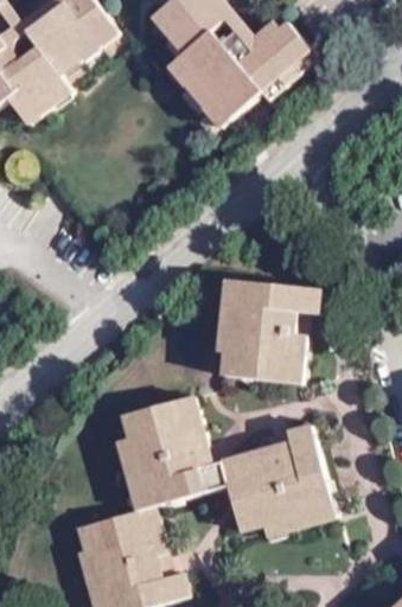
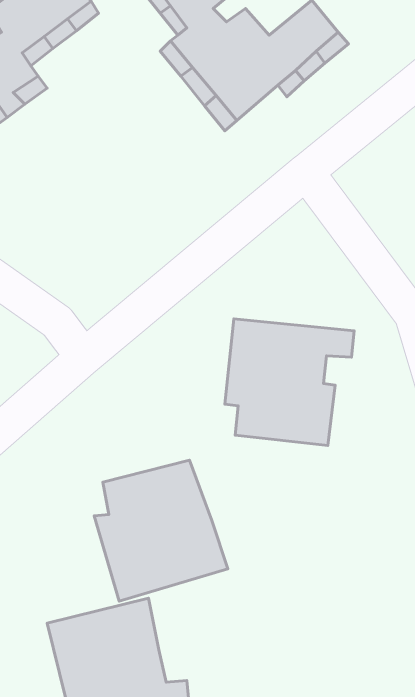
building: [223,424,339,538] -> none

